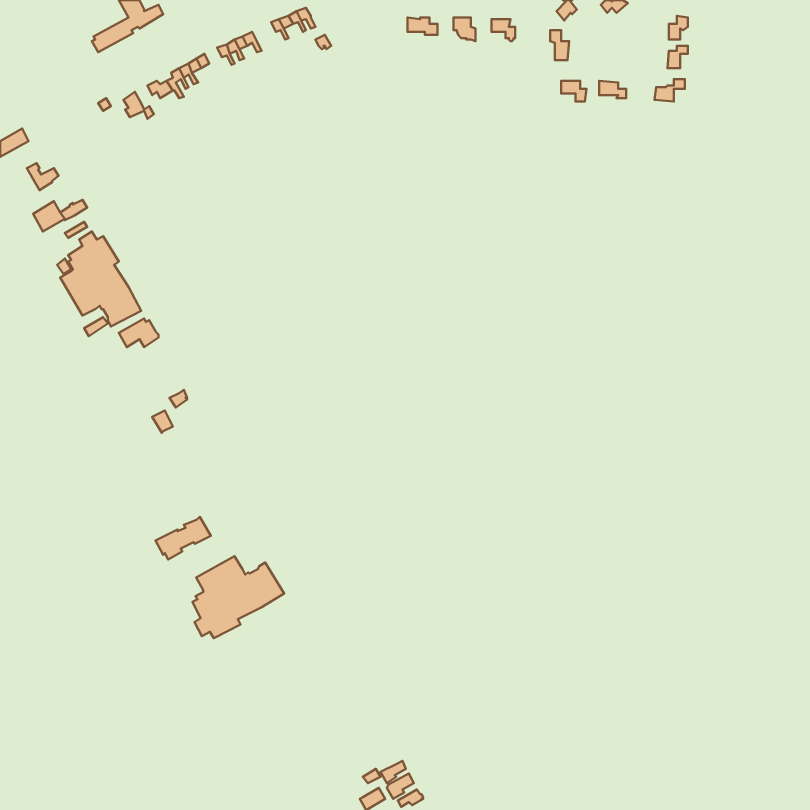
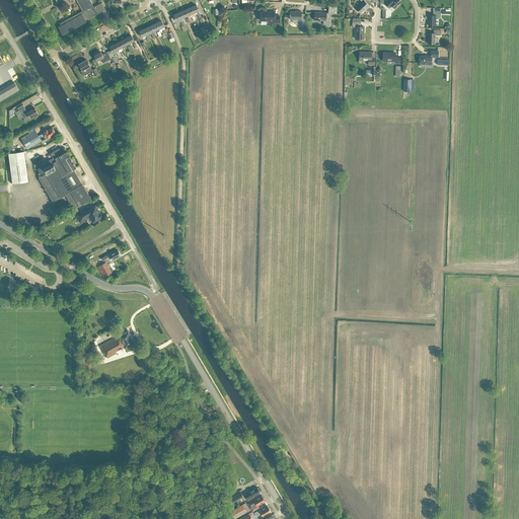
building: none -> [8,151,27,183]
building: [192,556,284,638] -> none

